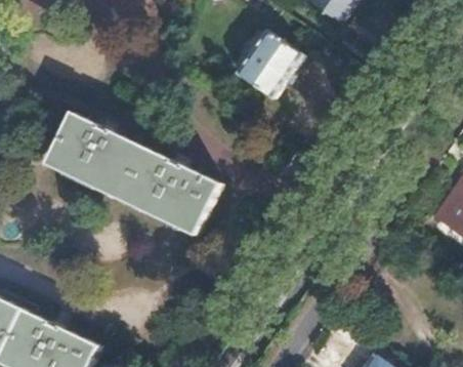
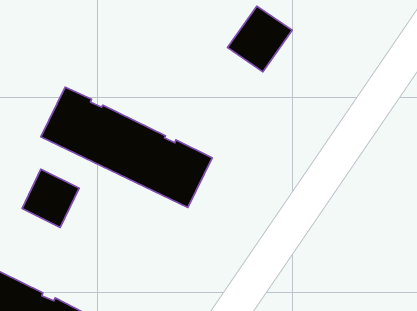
building: none -> [22,169,79,227]

